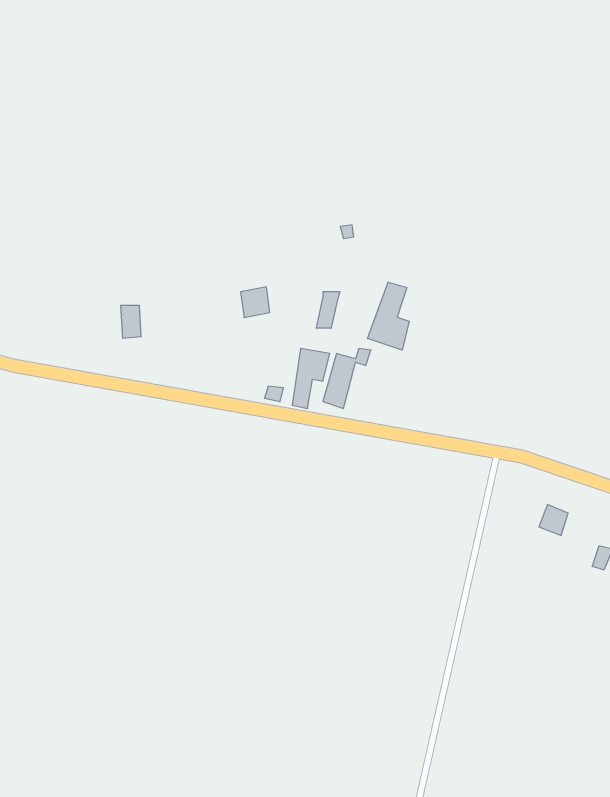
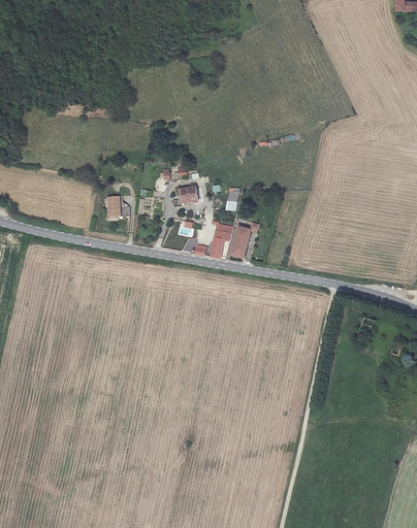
building: [368,282,409,350] -> none

